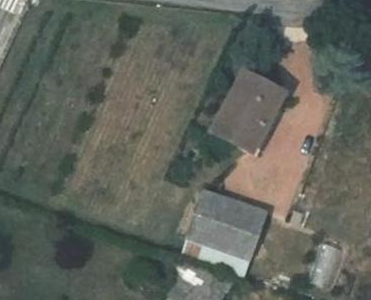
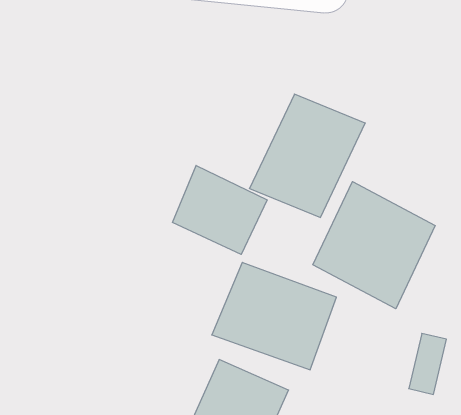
building: none -> [172,165,267,254]
building: none -> [313,182,435,309]

